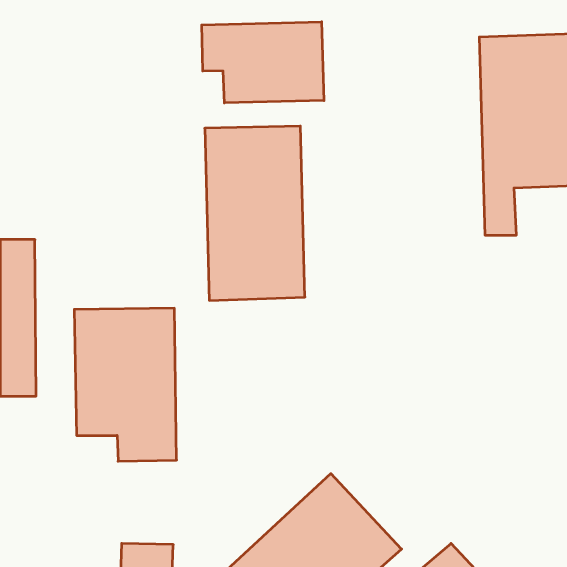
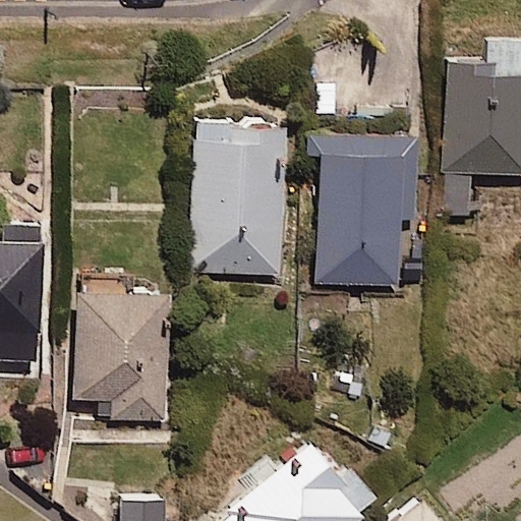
building: [202,22,324,103] -> none
building: none -> [316,135,415,287]

